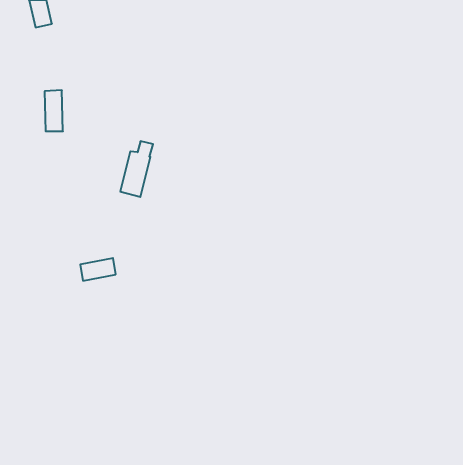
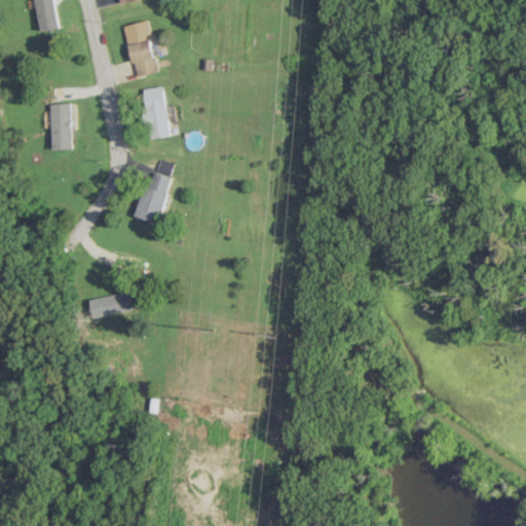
building: none -> [124,22,156,76]
building: none -> [143,86,168,139]

